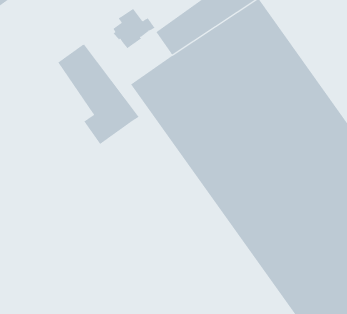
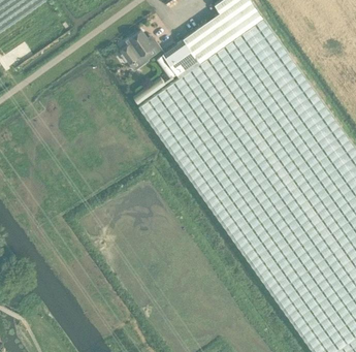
building: [57,44,139,145] -> none

